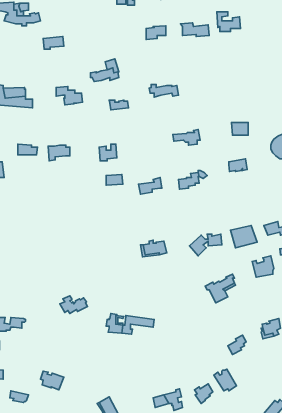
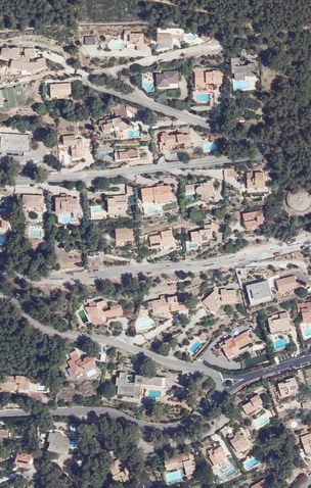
building: none -> [140,186,171,202]
building: none -> [84,300,123,325]

